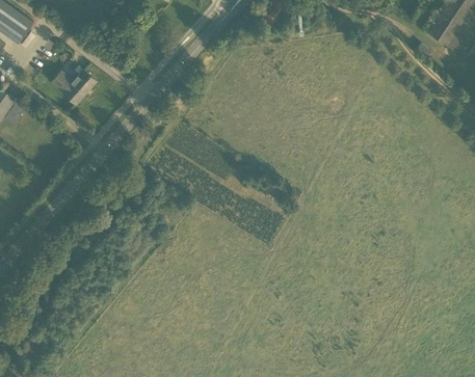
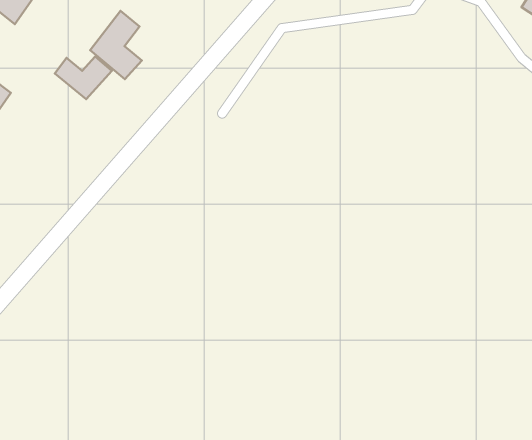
building: none -> [90,11,142,79]

